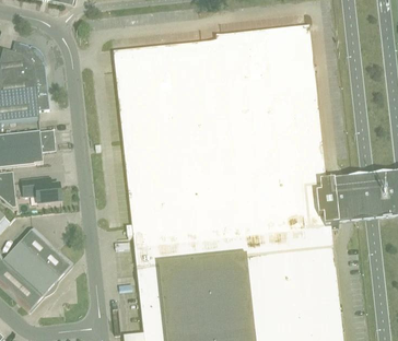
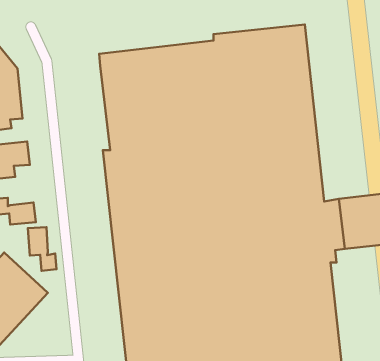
building: none -> [28,227,57,271]

